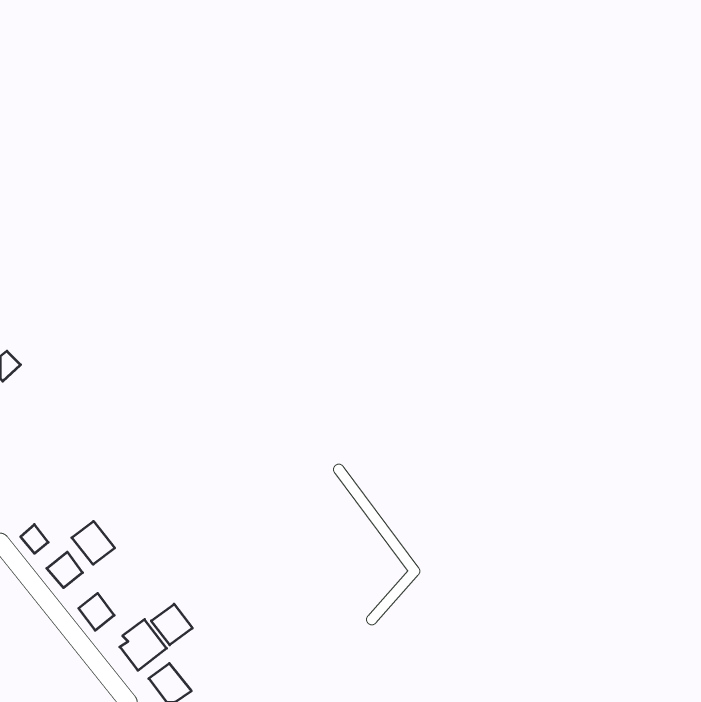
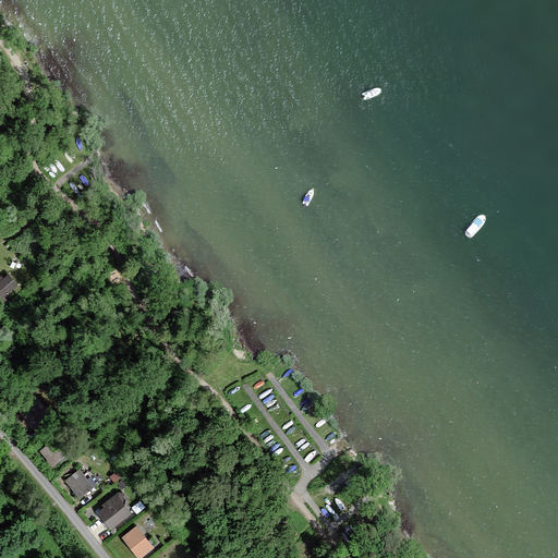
building: [72,521,115,564] -> none
building: [151,604,192,645] -> none

